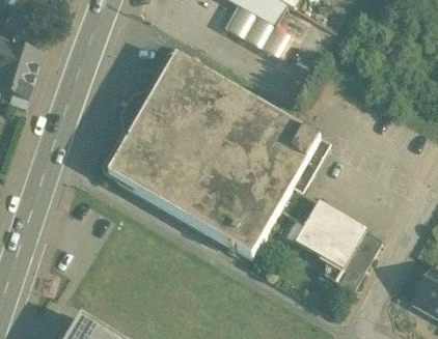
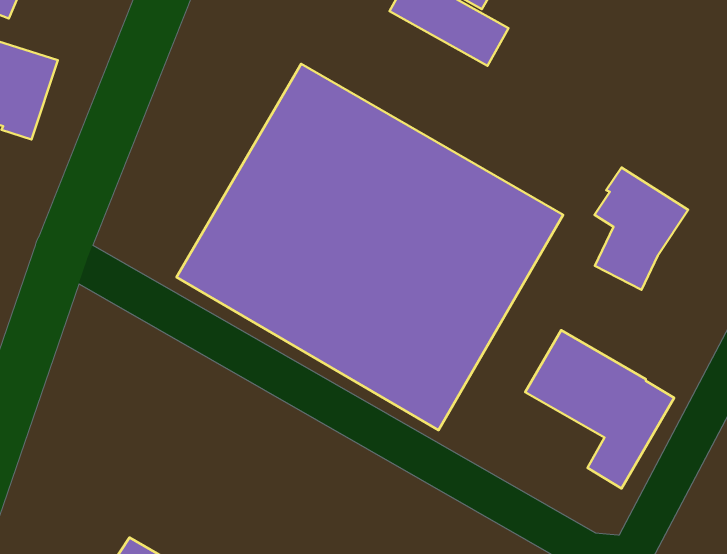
building: none -> [594,167,688,290]

